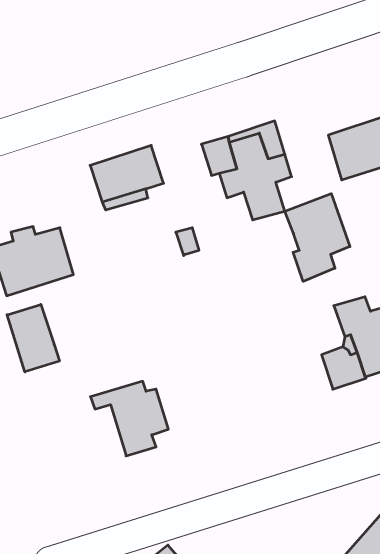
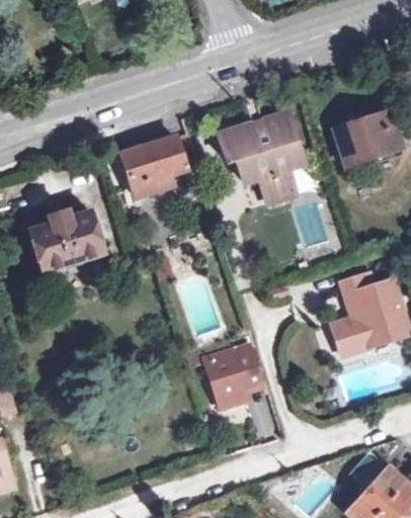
building: [285,194,350,281] -> none
building: [7,304,59,372] -> none
building: [90,381,168,456] -> [188,337,259,405]

